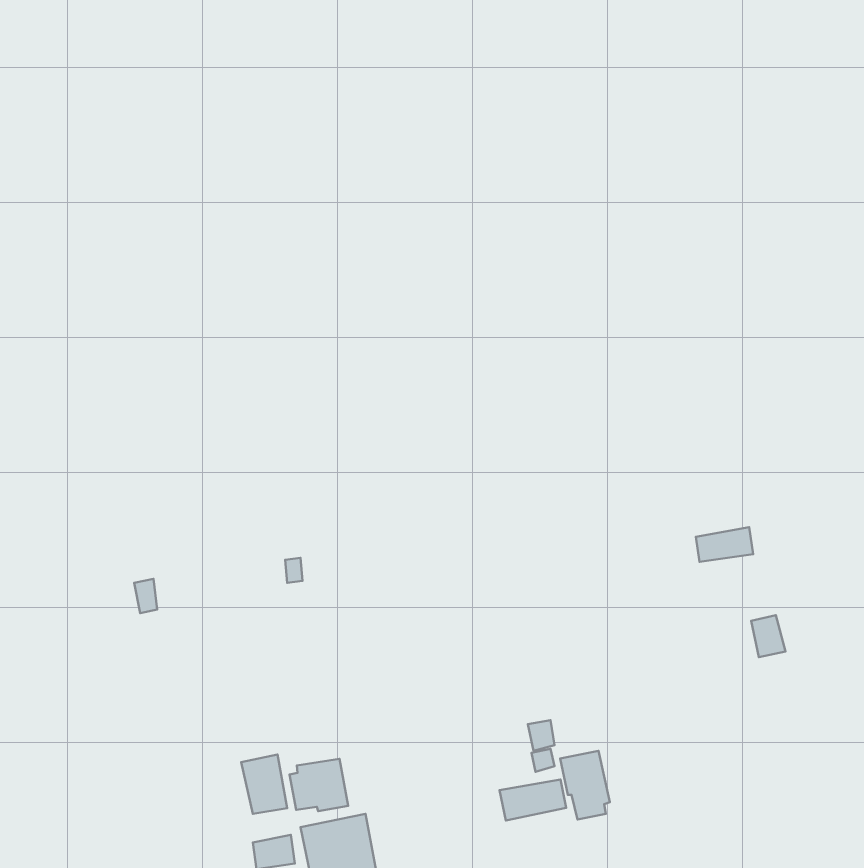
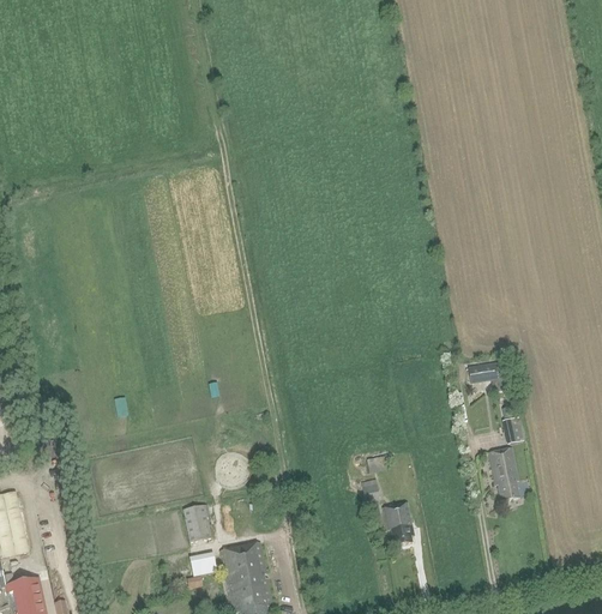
building: none -> [487,447,518,500]
building: [290,759,348,811] -> none
building: [499,779,566,821] -> none

